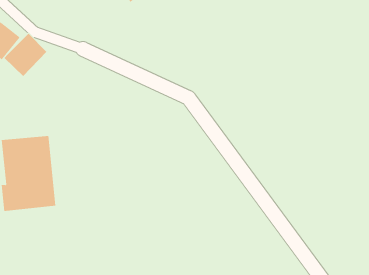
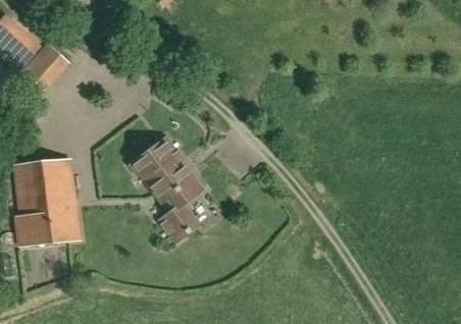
building: none -> [131,139,202,242]

